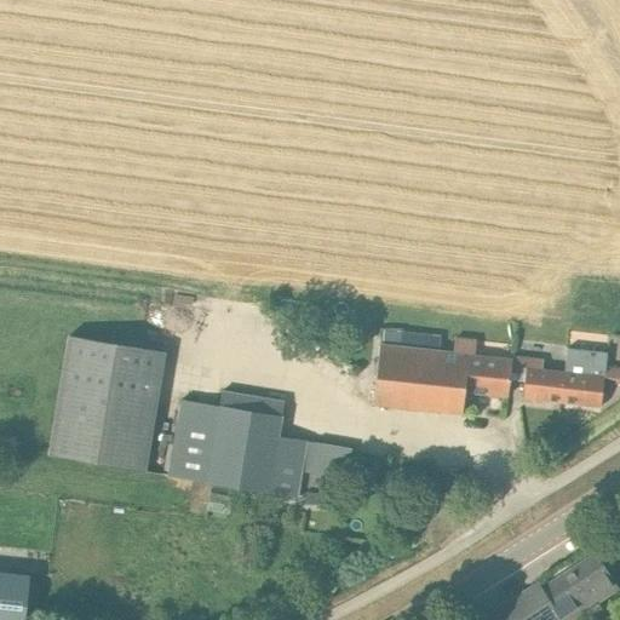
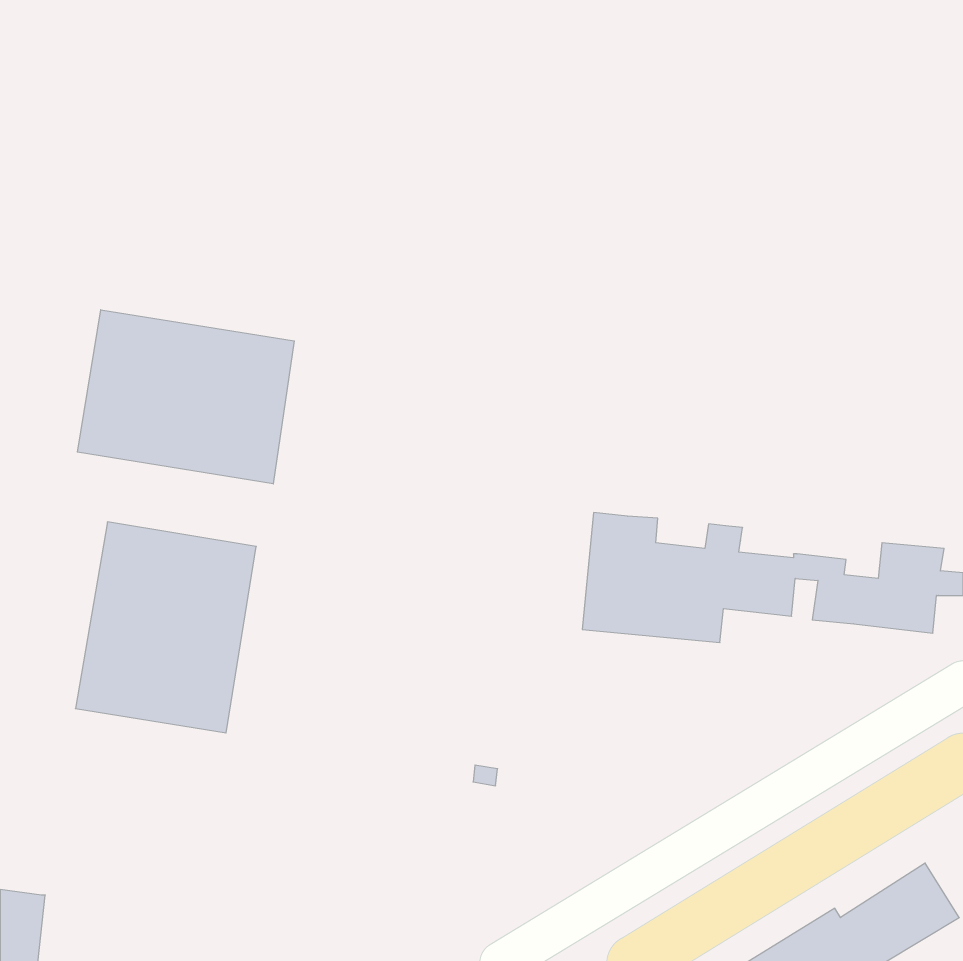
building: none -> [77,310,294,484]
building: [168,392,352,498] -> none

